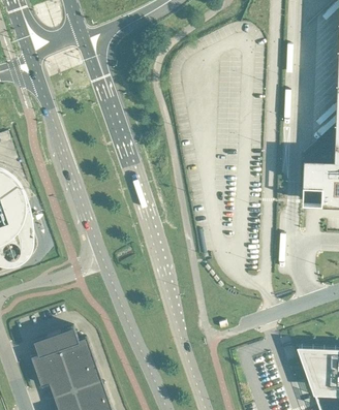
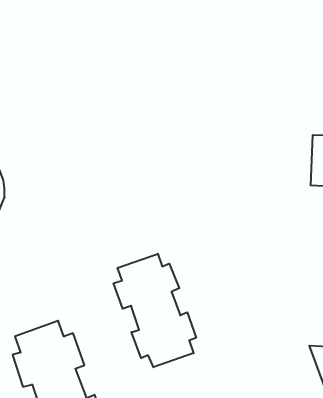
building: none -> [114,254,196,367]

